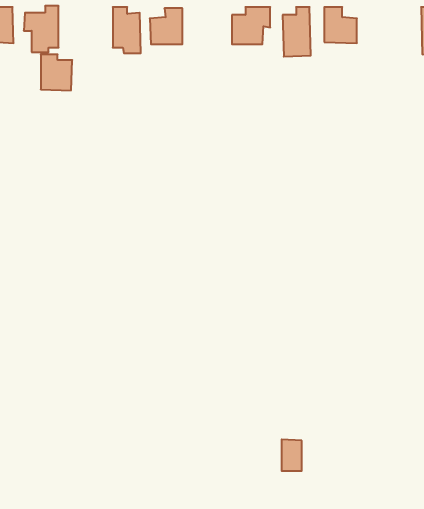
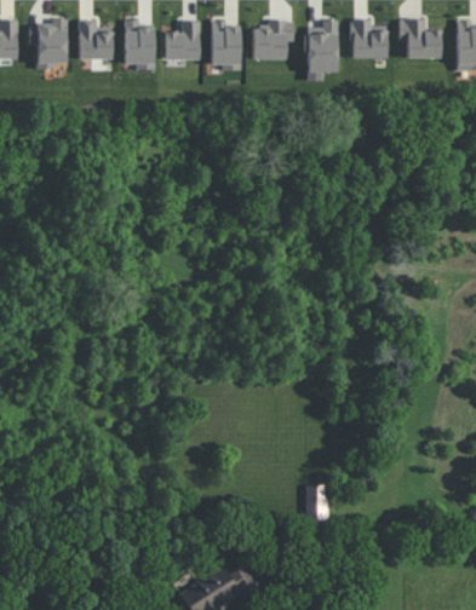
building: none -> [211,19,241,70]
building: none -> [400,19,441,58]
building: [41,54,72,90] -> [79,21,113,59]

